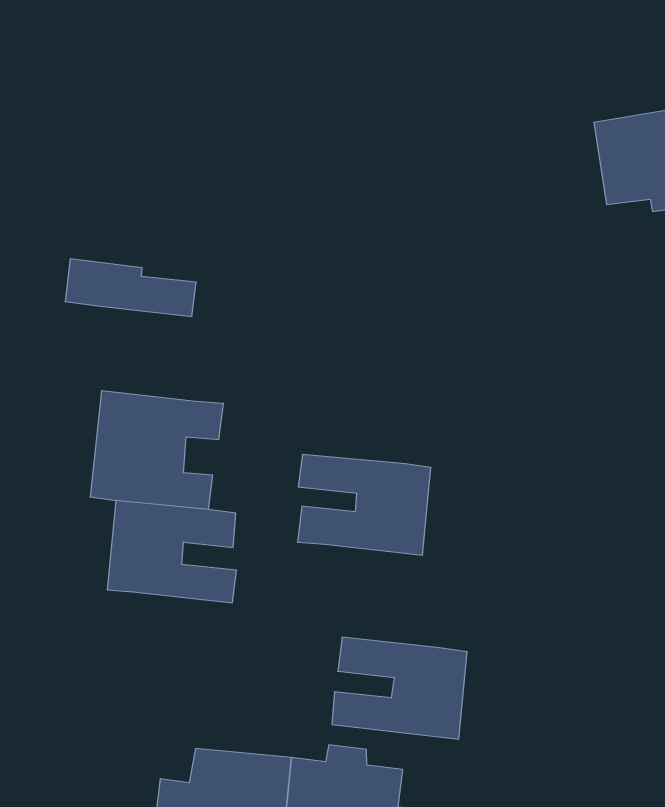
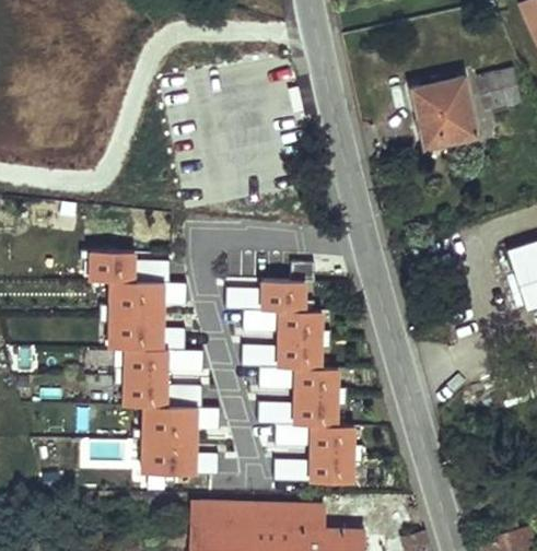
building: [65,259,196,316] -> [91,253,173,283]
building: none -> [226,280,308,313]
building: none -> [257,367,340,427]
building: none -> [139,407,222,477]

